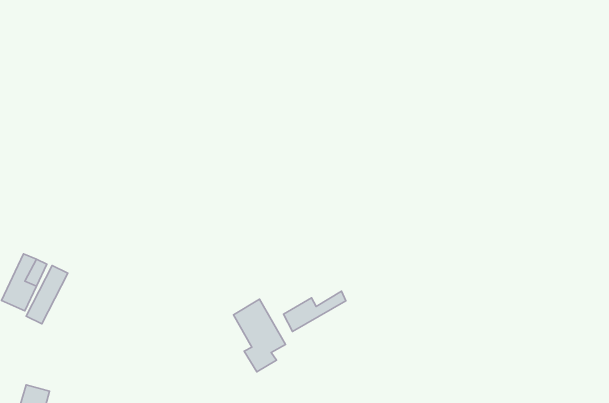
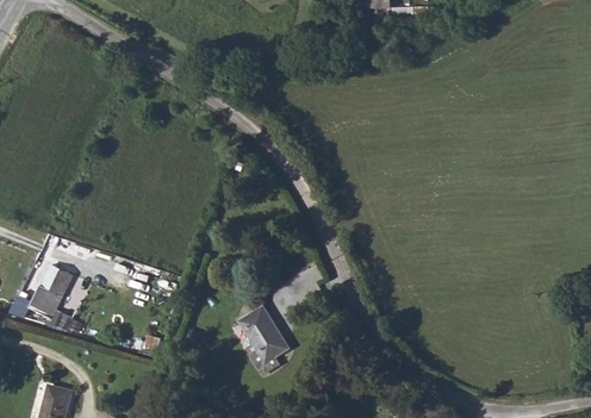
building: [283,291,346,331] -> none

